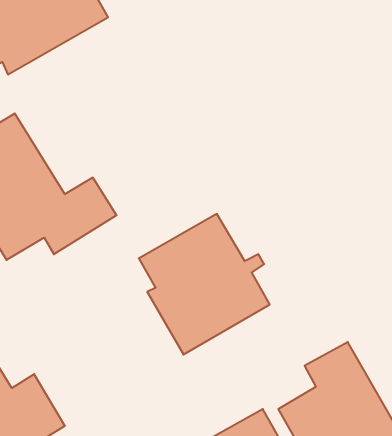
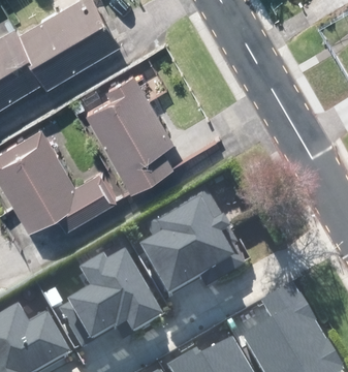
building: none -> [83,71,173,190]
building: none -> [58,252,170,353]

